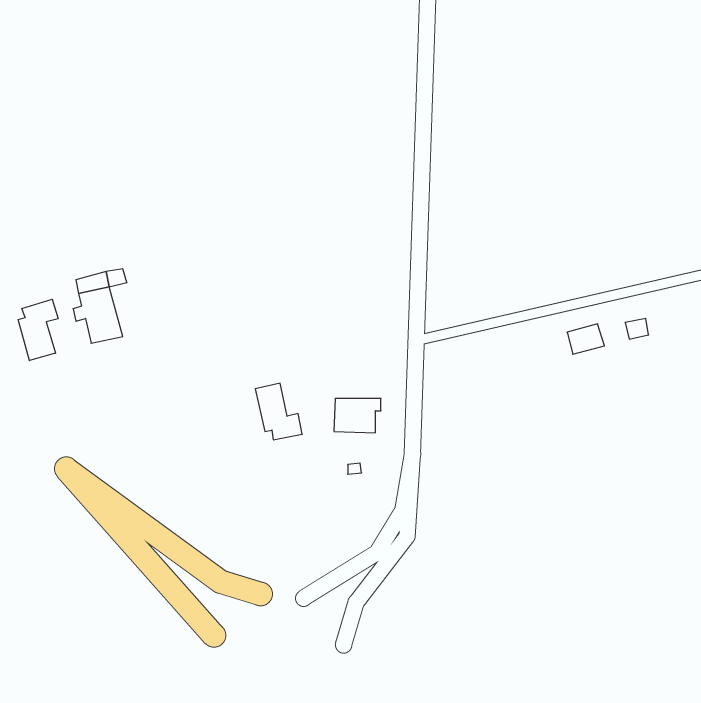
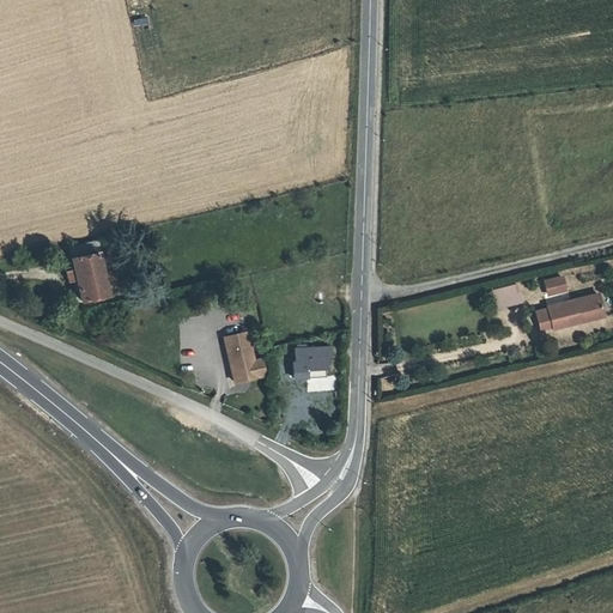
building: [18,299,58,361] -> none
building: none -> [542,299,607,329]

